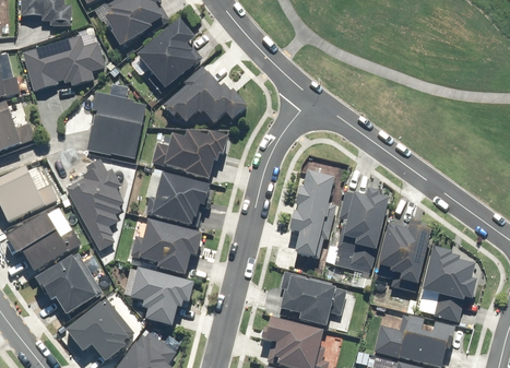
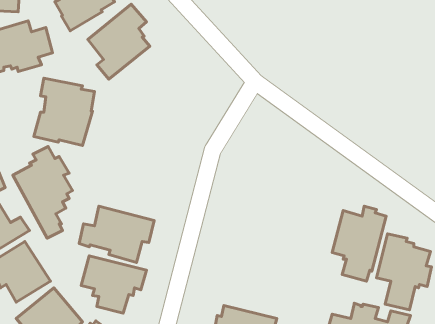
building: [161,68,249,122] -> none
building: [149,130,228,178] -> none
building: [290,169,335,256] -> none
building: [143,171,211,225] -> none
building: [330,188,389,274] -> none
building: [276,272,344,325] -> none

